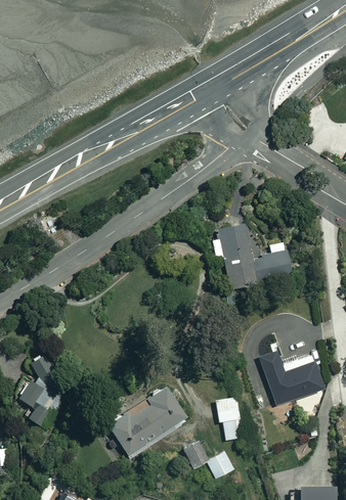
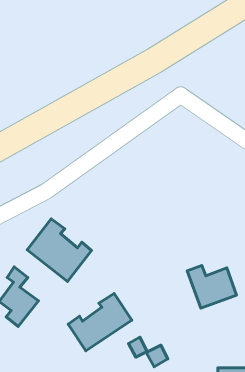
building: [218,224,292,289] -> none
building: none -> [27,219,92,282]
building: [216,398,242,449] -> none

